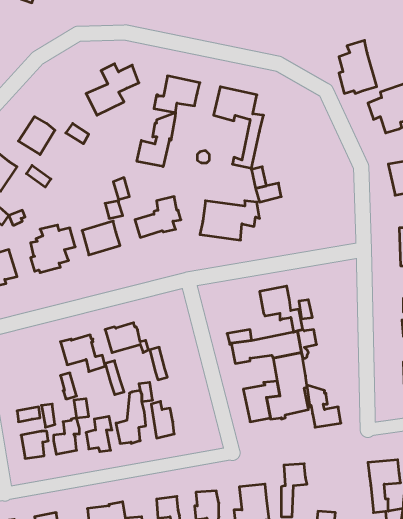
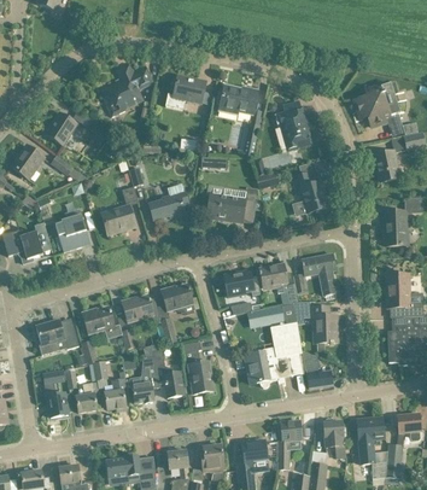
building: [339,40,377,93] -> [275,100,309,147]
building: [137,113,176,167] -> none
building: none -> [292,173,327,212]
building: none -> [302,253,335,294]
building: none -> [224,270,259,296]
building: none -> [162,284,199,315]
building: none -> [314,307,338,358]
building: none -> [36,320,78,355]
building: none -> [181,342,214,393]
building: none -> [323,421,346,459]

